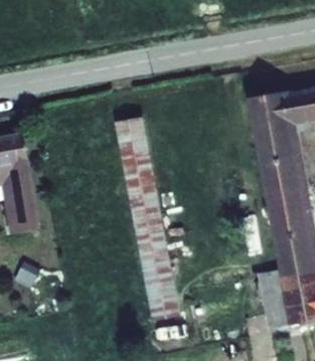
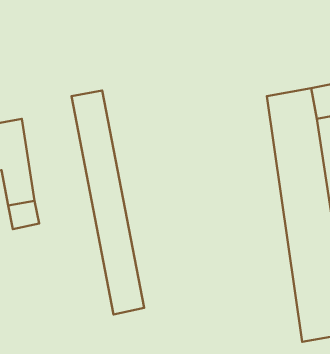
building: [117,117,181,315] -> [71,91,144,315]

